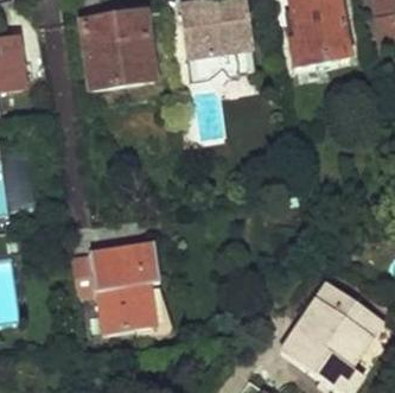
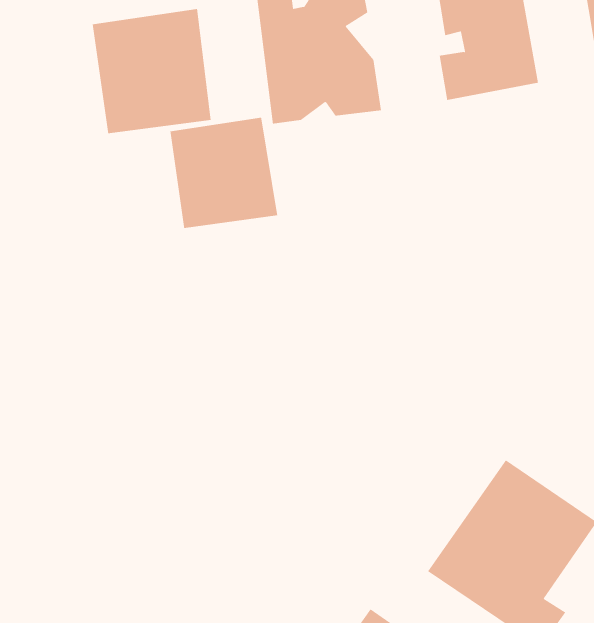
building: none -> [170,117,278,229]
building: [74,242,164,332] -> none

